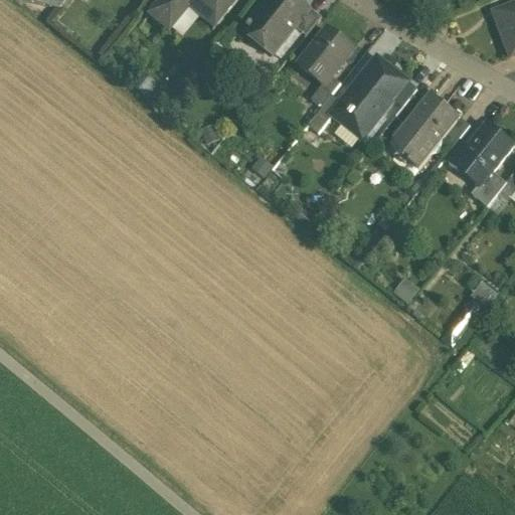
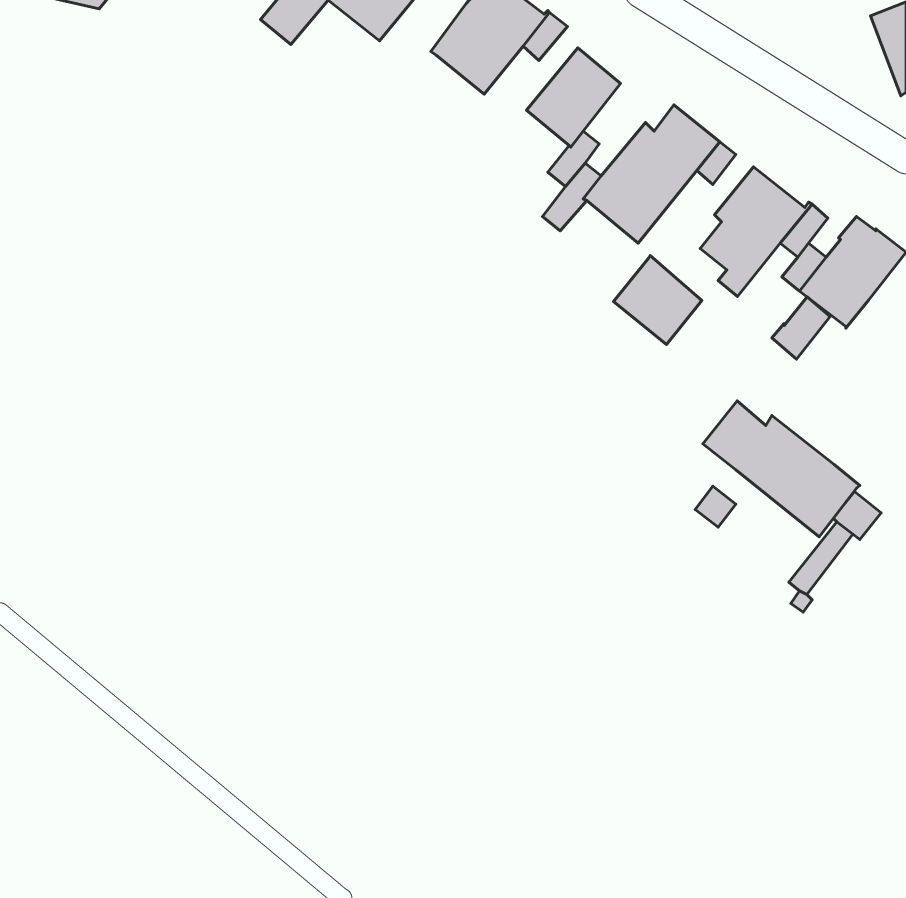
building: none -> [614,256,702,344]
building: [473,170,506,205] -> [772,297,830,359]
building: none -> [703,401,860,537]

